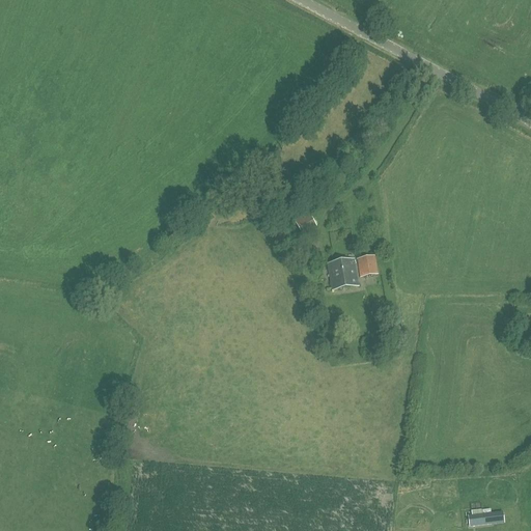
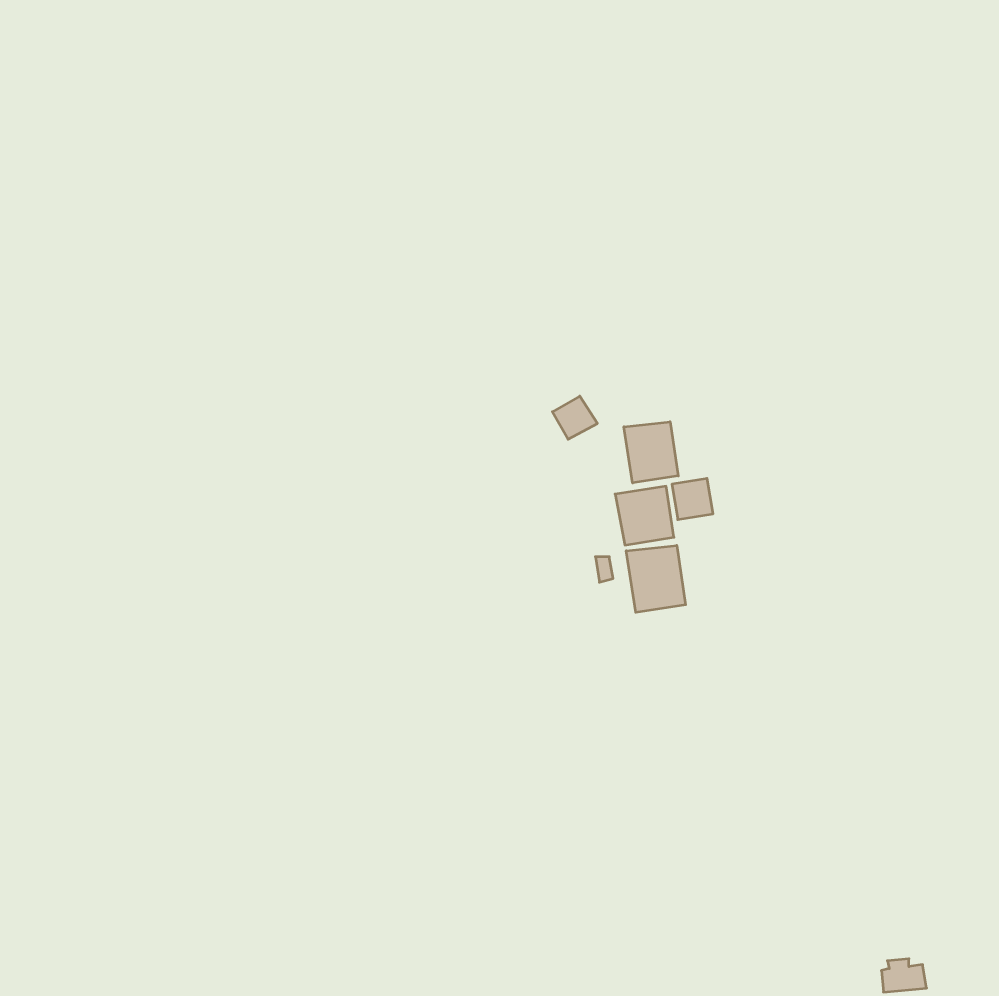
building: none -> [624,422,678,483]
building: none -> [626,545,686,612]

